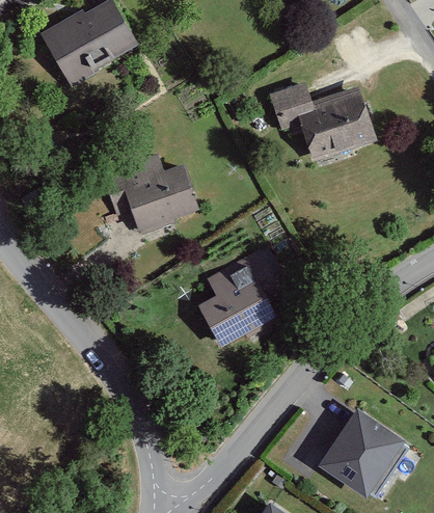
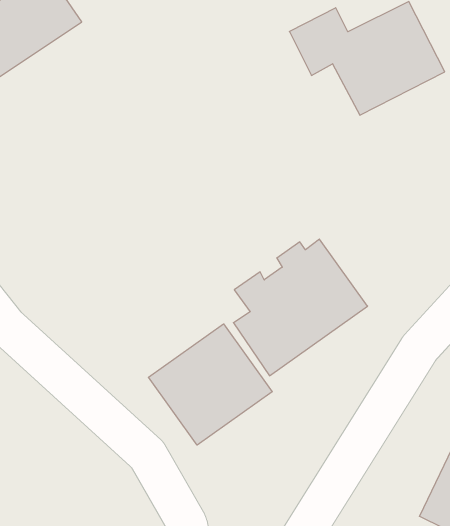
building: [103,156,199,232] -> none
building: none -> [148,324,272,445]

